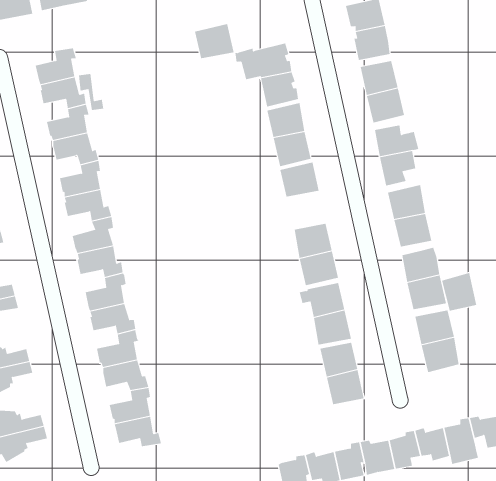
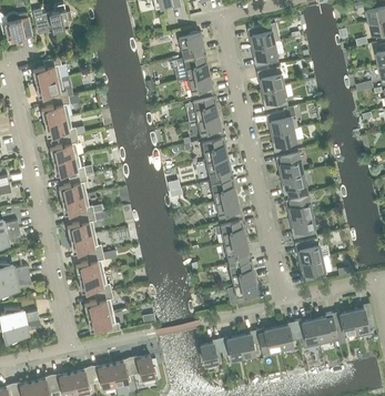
building: [194,24,234,59] -> [178,32,205,57]
building: none -> [205,156,233,181]
building: [441,272,477,312] -> none

